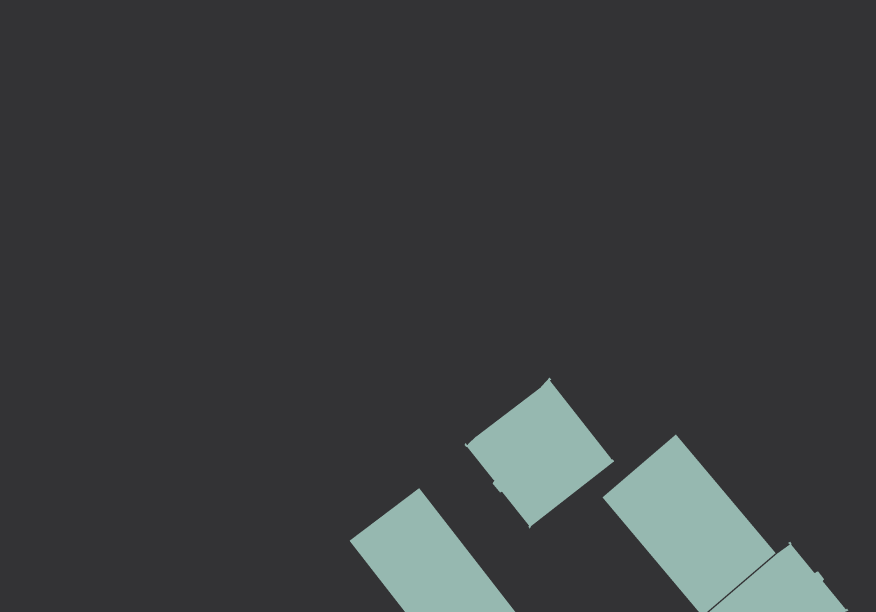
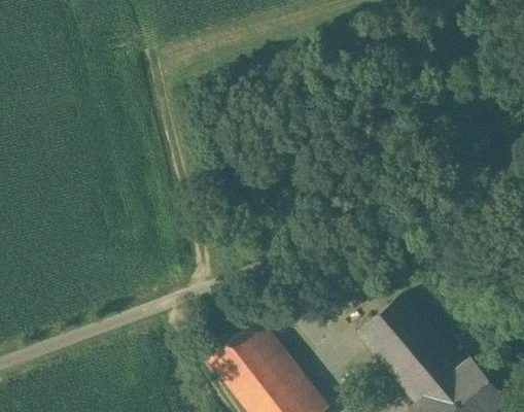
building: [464,377,615,530] -> none

